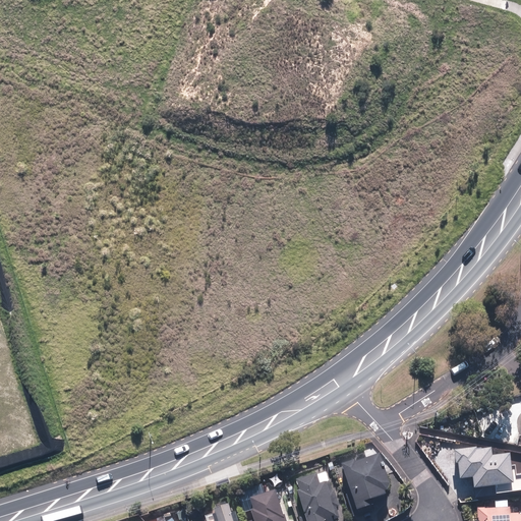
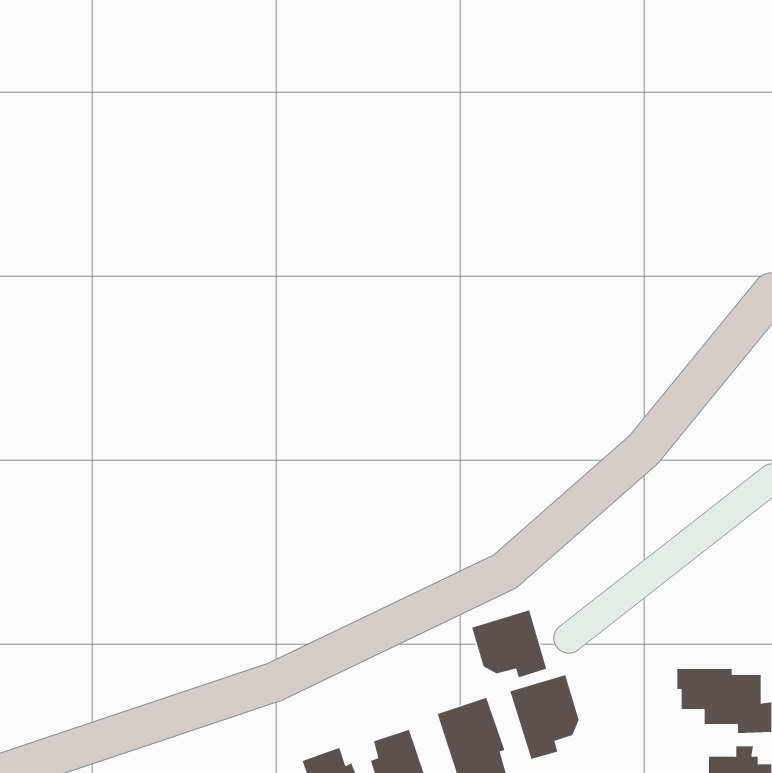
building: none -> [471,610,547,678]

